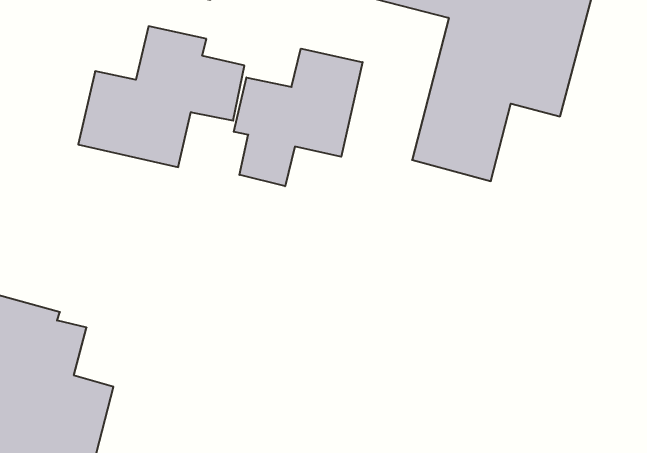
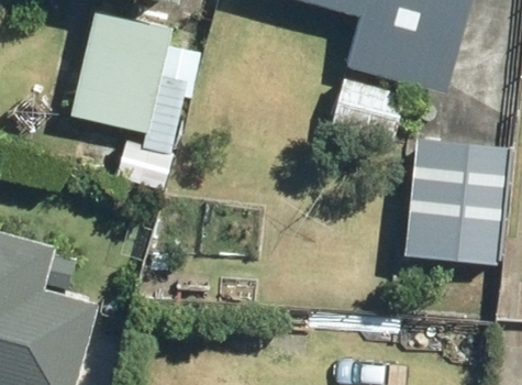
building: [234,49,363,186] -> none
building: none -> [403,139,508,265]

